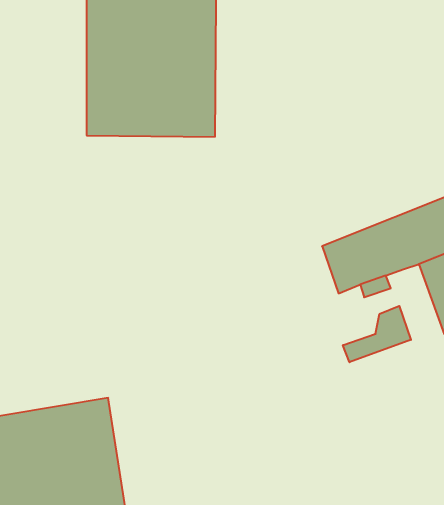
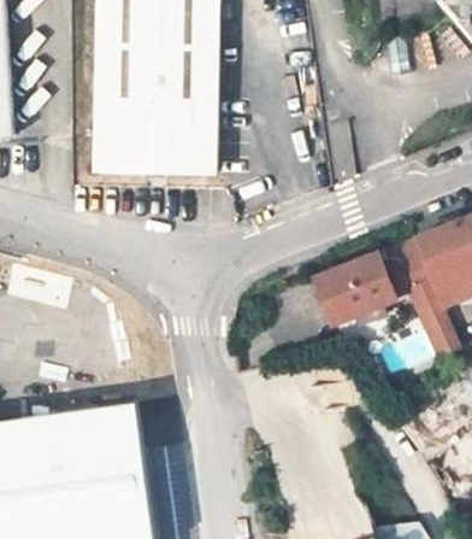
building: [343,306,411,362] -> none

